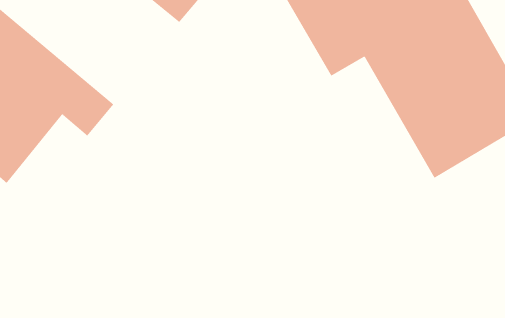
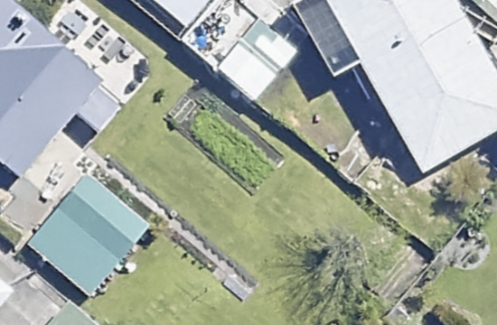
building: none -> [32,177,149,293]

